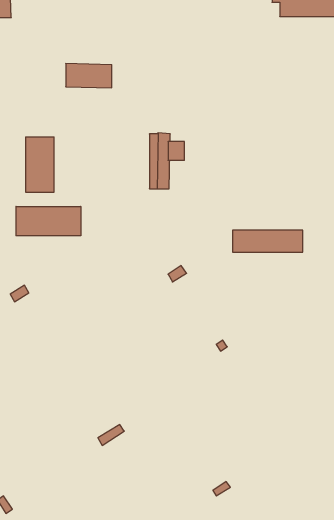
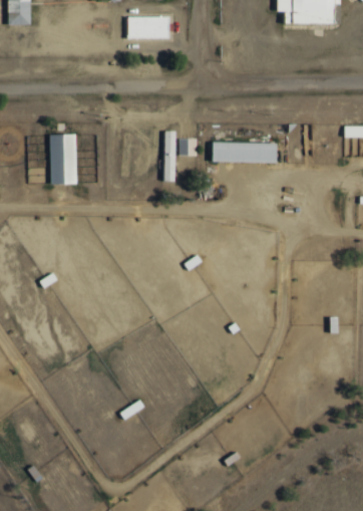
building: [66,64,112,88] -> [134,16,176,38]
building: [16,206,81,236] -> none
building: [233,230,303,252] -> [211,143,275,163]

